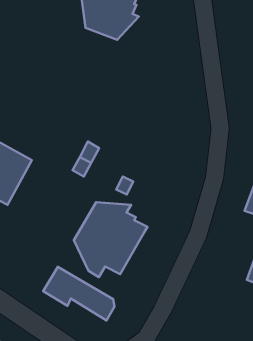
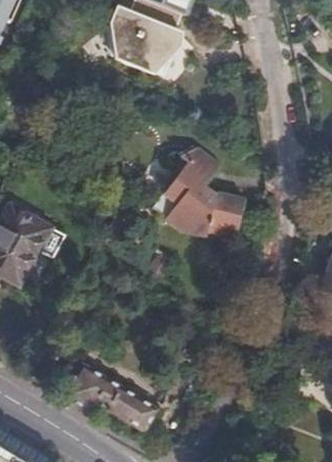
building: none -> [167,151,246,235]
building: [74,202,147,277] -> none

